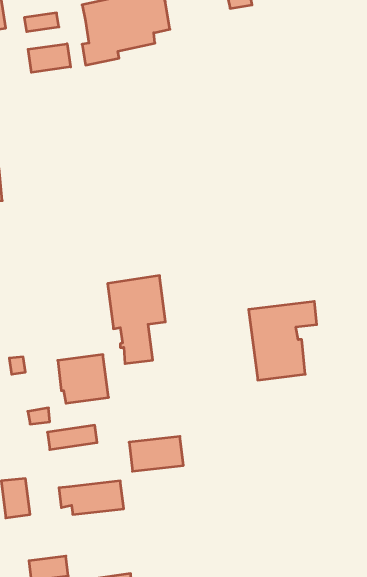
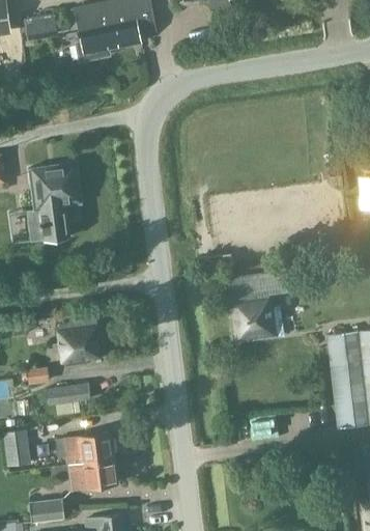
building: [28,44,71,72] -> none
building: [108,276,165,364] -> [29,162,81,241]
building: [129,436,183,471] -> [68,458,117,490]

